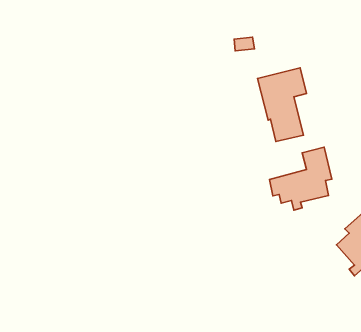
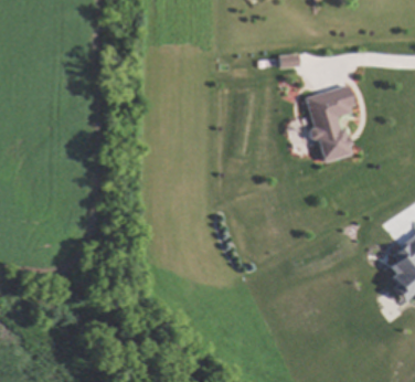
building: [269,147,332,210] -> none

